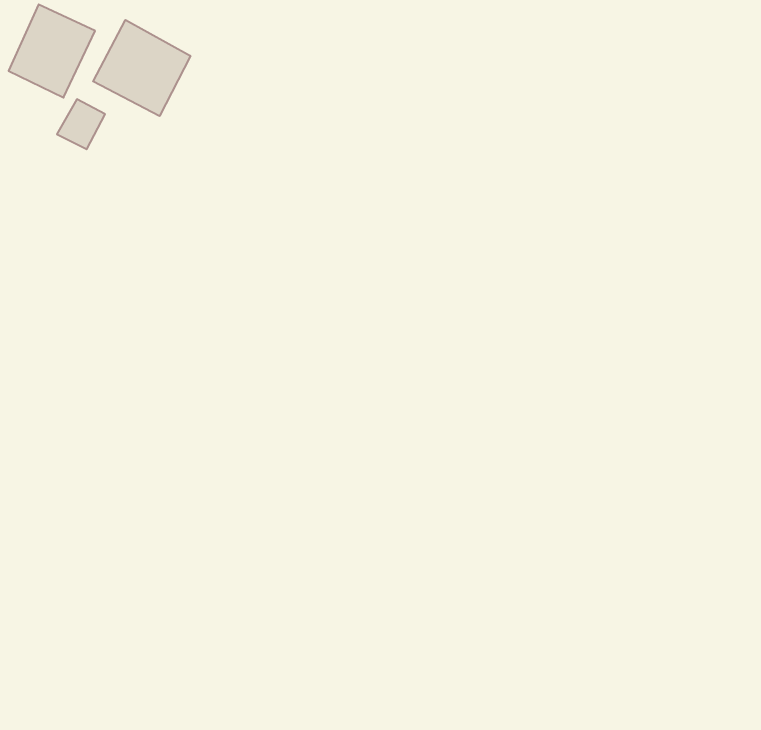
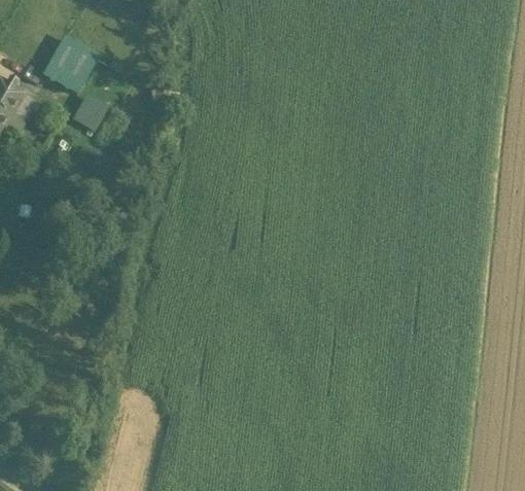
building: [93,20,190,116] -> none

